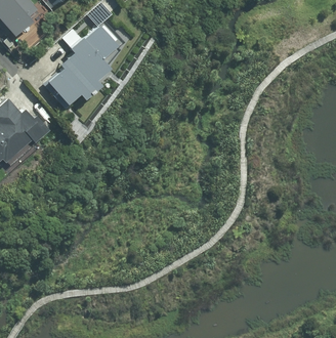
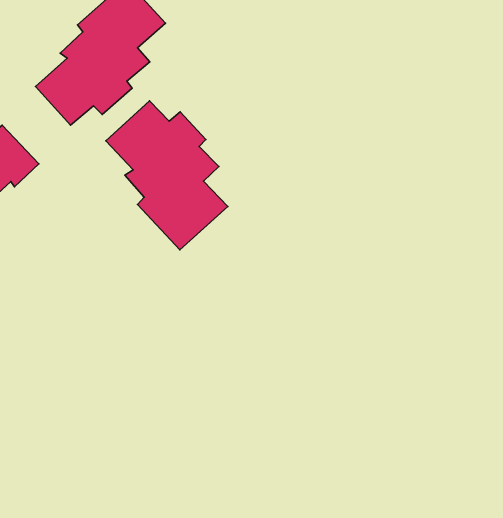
building: none -> [106,101,228,250]

